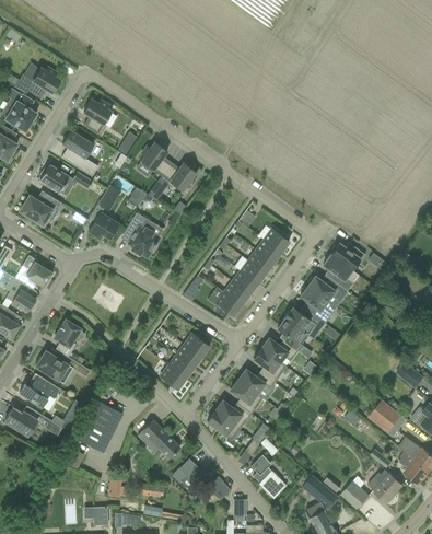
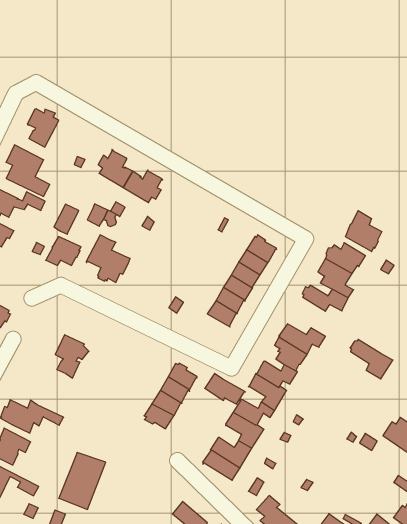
building: none -> [345,211,382,252]
building: [300,286,336,322] -> [350,339,393,379]
building: [207,287,242,315] -> [205,373,245,404]
building: [55,318,84,357] -> [55,335,89,378]
building: [137,419,179,458] -> none

